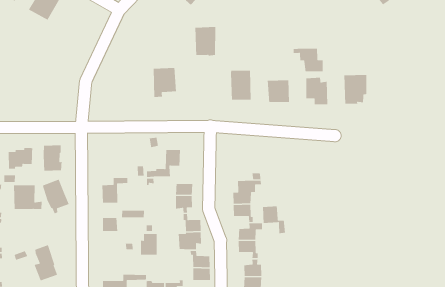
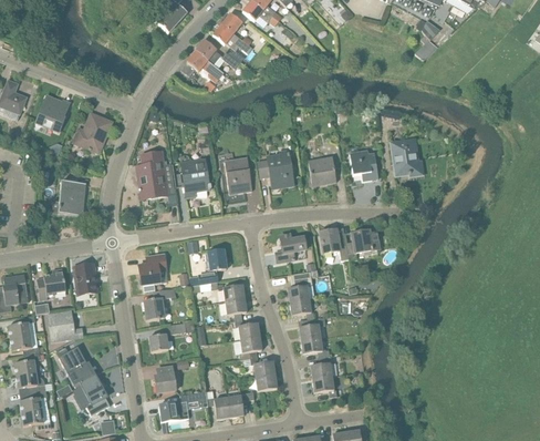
building: none -> [73,113,112,152]
building: [195,26,216,57] -> [225,157,252,194]
building: [293,48,324,72] -> none
building: none -> [138,152,168,198]
building: none -> [52,181,86,218]
building: none -> [277,234,307,261]
building: none -> [138,254,166,285]
building: none -> [352,229,380,252]
building: [42,179,70,214] -> [60,348,93,388]
building: [262,206,286,234] -> [320,229,350,260]
building: [140,233,158,256] -> [155,366,176,392]

